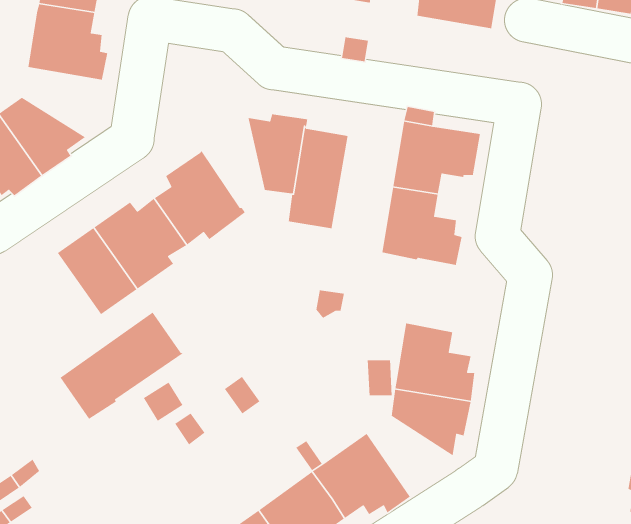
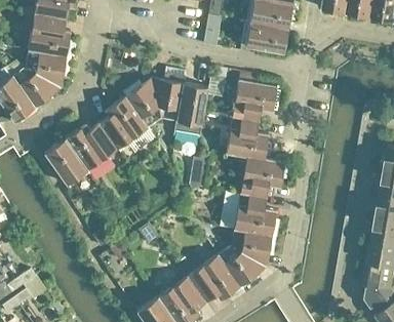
building: none -> [240,21,287,52]
building: none -> [25,49,70,88]
building: none -> [121,77,160,127]
building: none -> [239,156,288,197]
building: [59,312,184,420] -> none
building: none -> [218,244,266,289]

